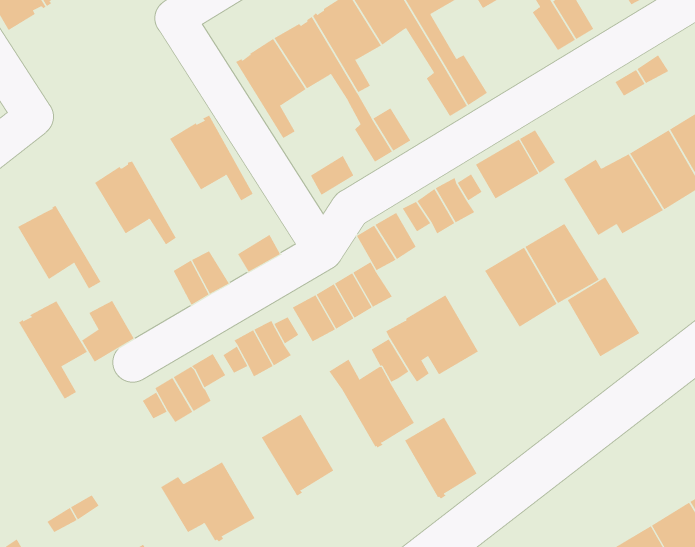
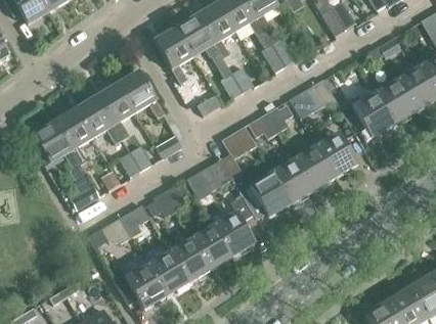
building: none -> [97,84,135,139]
building: [567,276,640,357] -> [272,157,313,202]
building: [18,300,88,399] -> [54,108,93,164]
building: [404,417,478,499] -> [191,224,232,270]
building: none -> [147,250,188,296]

